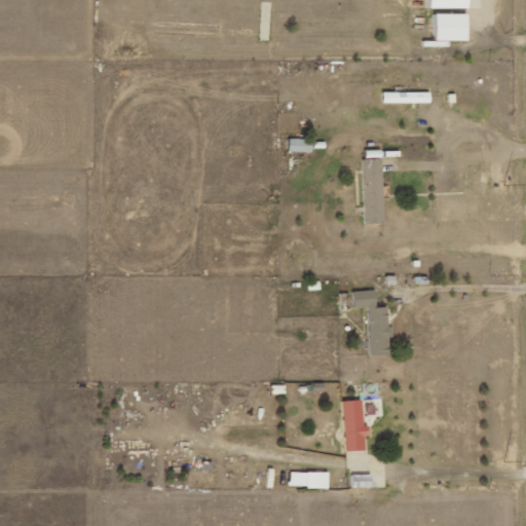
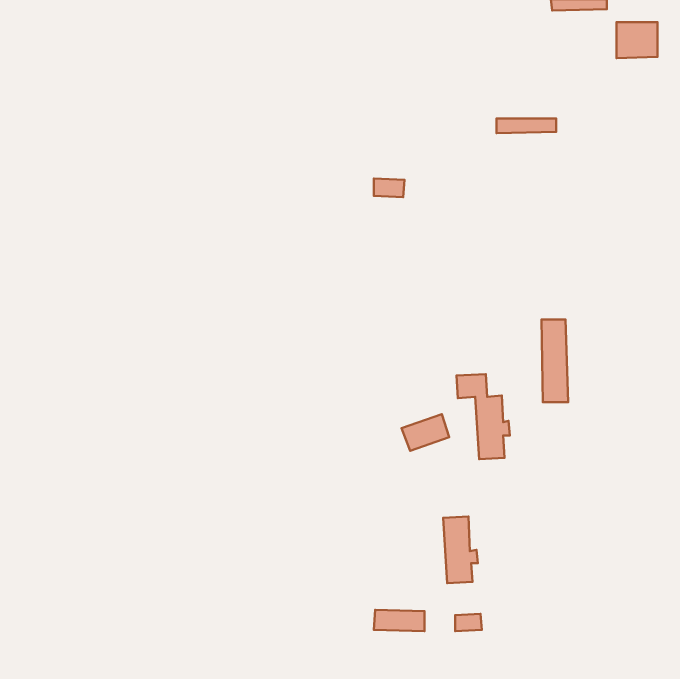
building: [436,12,467,40] -> [616,22,658,58]
building: [363,158,383,222] -> [542,320,568,402]
building: none -> [401,414,449,451]

